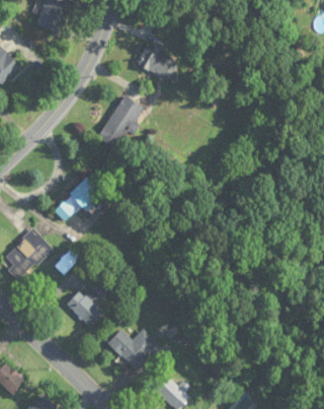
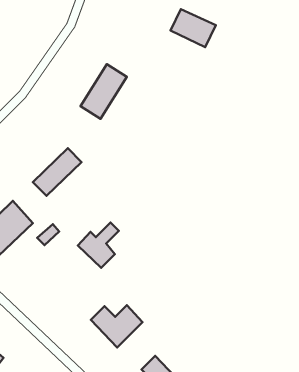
building: [136,45,179,81] -> [170,9,216,47]
building: [67,281,106,325] -> [78,222,119,268]

